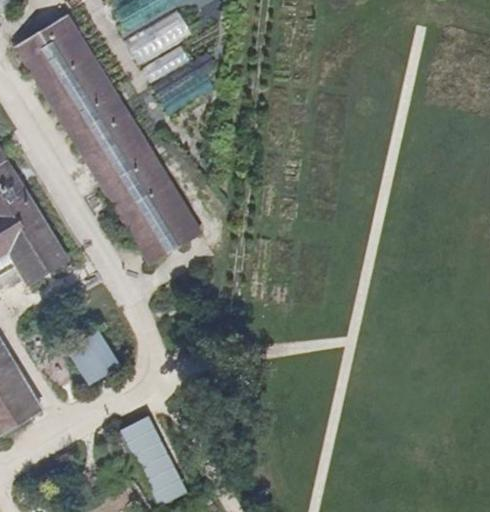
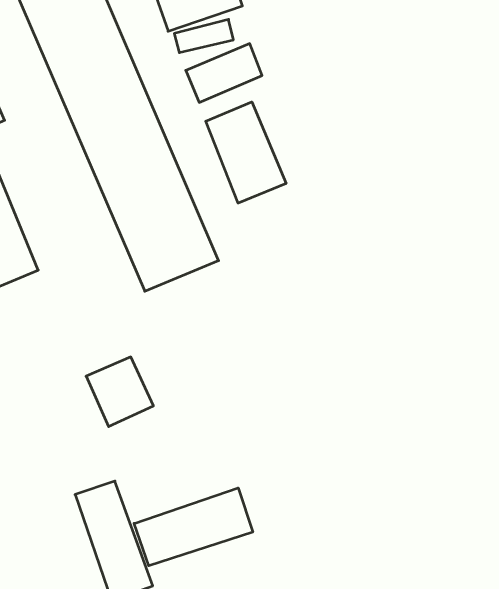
building: none -> [206,102,286,203]
building: [66,328,121,384] -> [86,357,153,427]
building: none -> [134,488,253,566]

